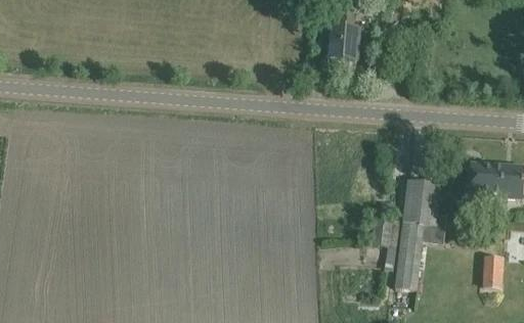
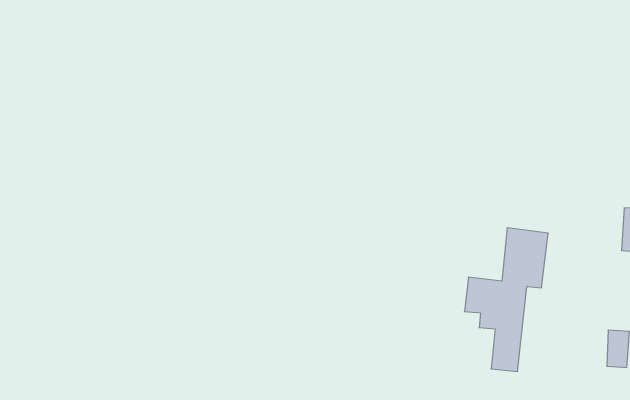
building: [330,12,359,60] -> none
building: [469,163,498,196] -> none

